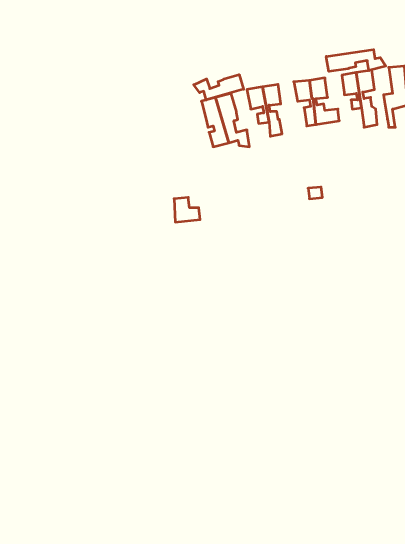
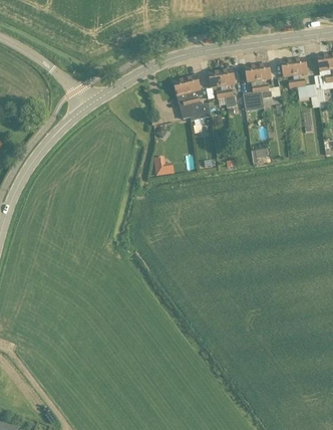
building: [326,50,386,71] -> none
building: [194,75,244,100] -> none

